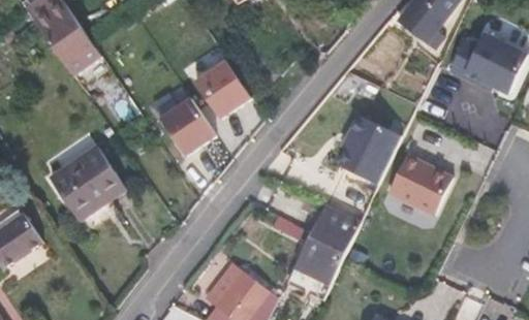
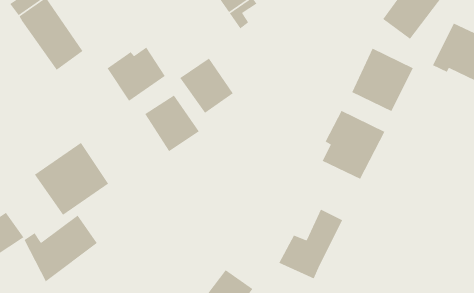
building: none -> [107,46,166,102]
building: none -> [351,47,414,112]
building: [388,154,452,214] -> none
building: none -> [24,214,98,283]

